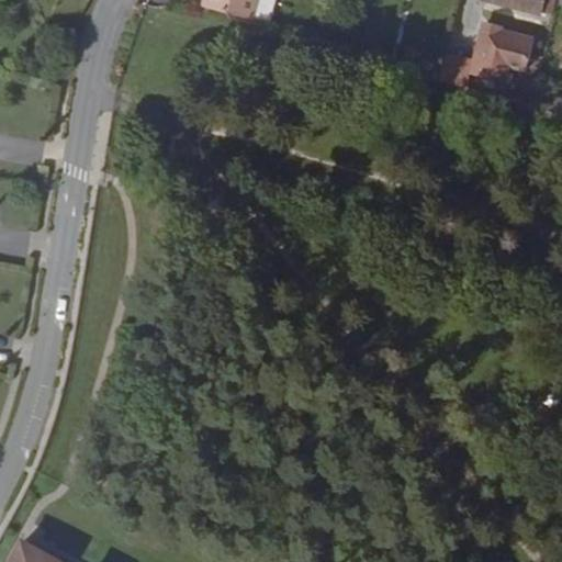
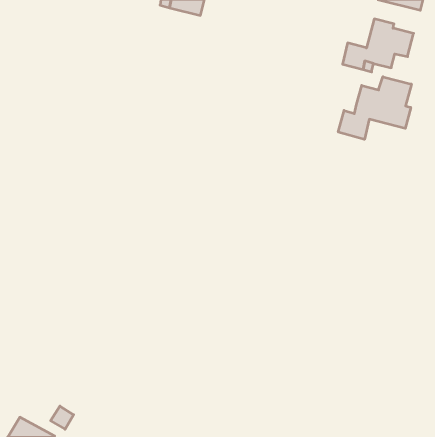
building: none -> [338,77,411,139]

